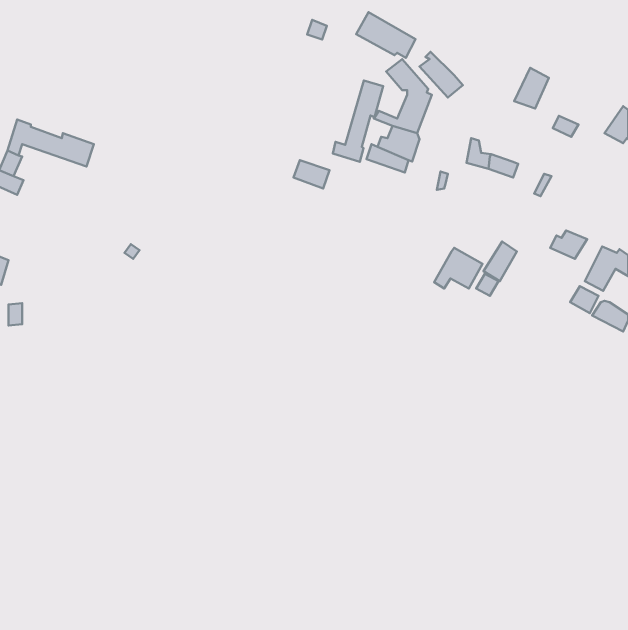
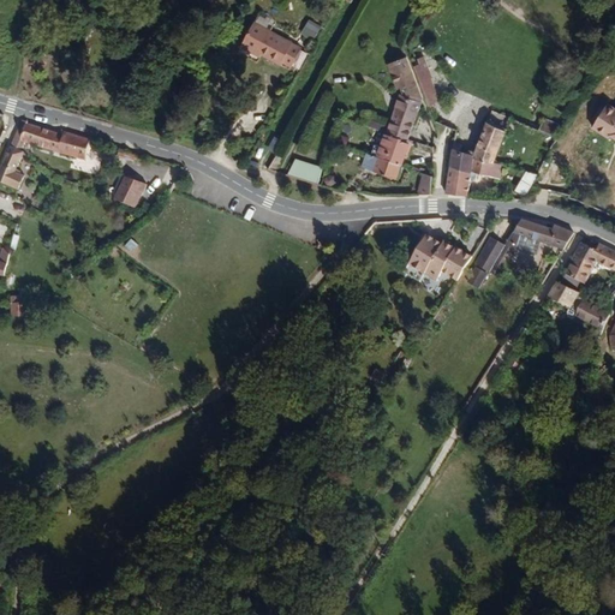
building: [356,12,416,58] -> [243,12,300,56]
building: [514,68,549,109] -> [478,118,512,157]
building: [333,80,383,162] -> none
building: none -> [448,159,495,191]
building: none -> [112,175,143,208]
building: none -> [504,220,542,251]
building: none -> [402,237,440,283]

